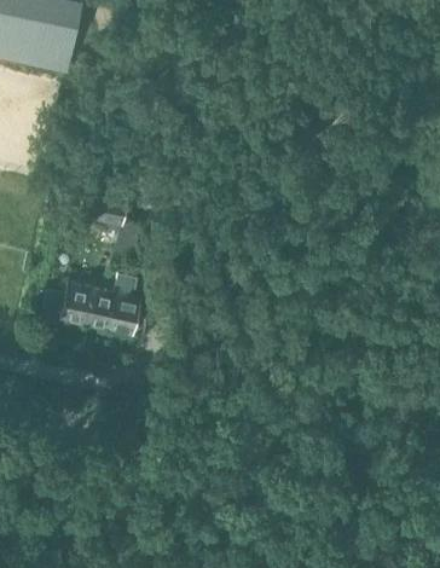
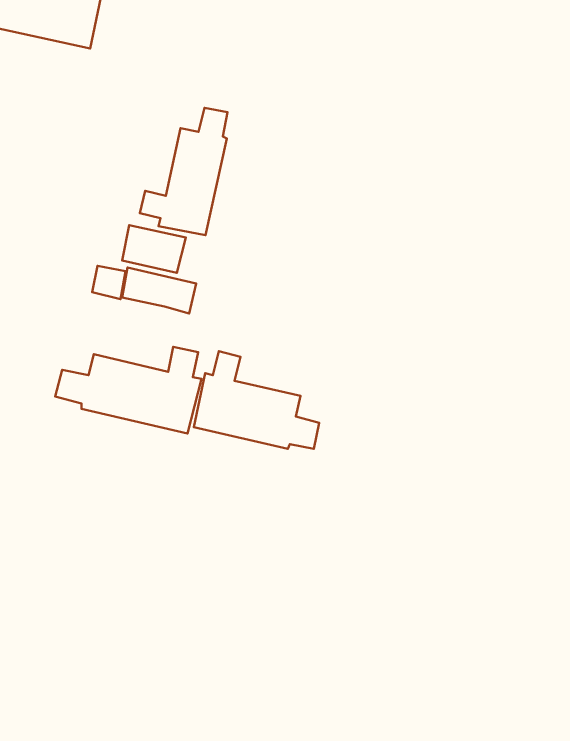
building: none -> [140,108,227,235]
building: none -> [194,351,319,449]

